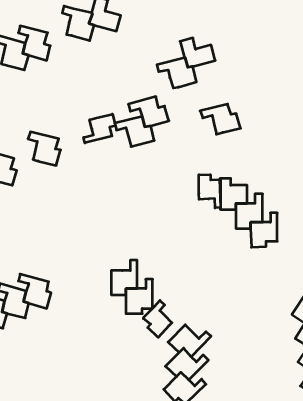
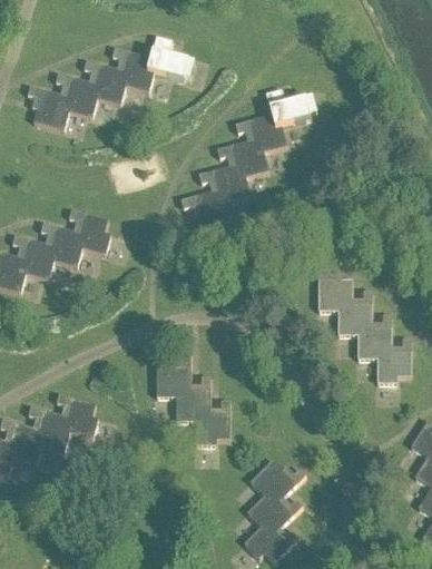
building: none -> [84,60,125,105]
building: [200,104,241,134] -> [216,140,268,179]
building: [84,114,115,143] -> none
building: none -> [40,223,81,267]
building: [199,175,220,208] -> none
building: none -> [376,339,411,383]
building: none -> [156,353,190,398]
building: [143,300,172,337] -> none

